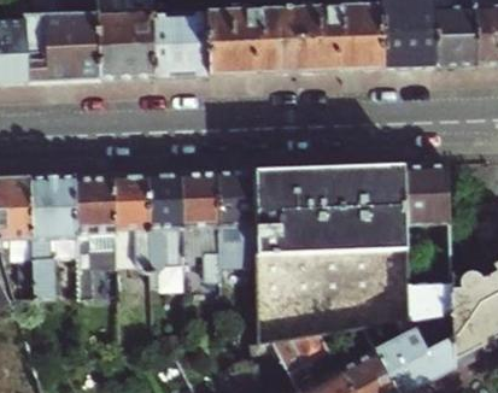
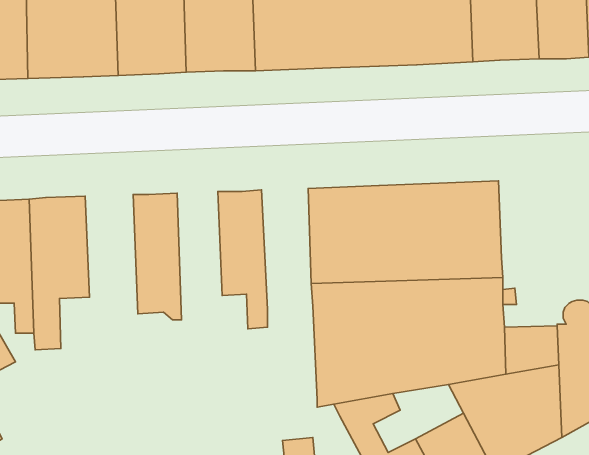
building: [404,160,449,224] -> none
building: [215,169,256,265] -> none
building: [147,171,184,297] -> none
building: [74,174,116,299] -> none

